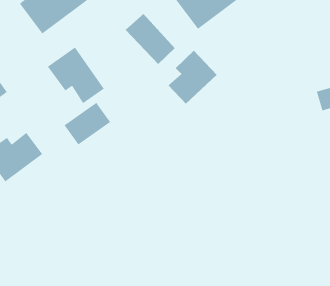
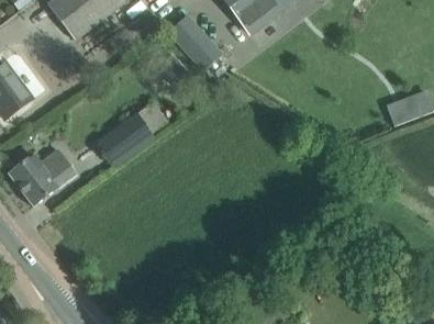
building: [47,46,105,104] -> none
building: [168,50,218,104] -> none

